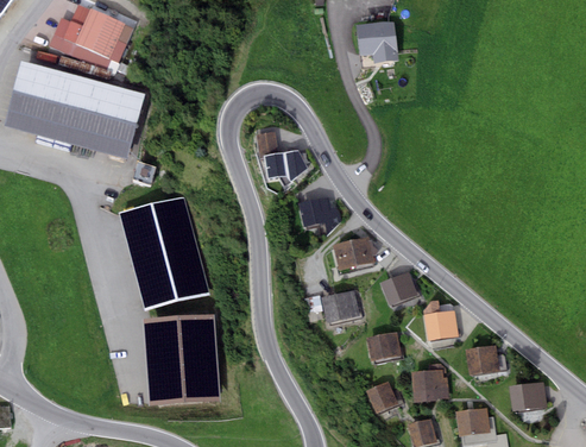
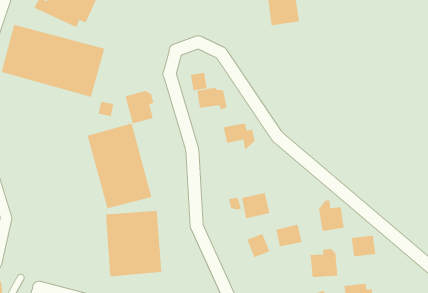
building: none -> [125,90,154,124]
building: [333,235,379,269] -> none
building: [380,270,417,303] -> none
building: [366,380,397,413] -> [246,233,270,258]
building: [510,380,547,409] -> none

